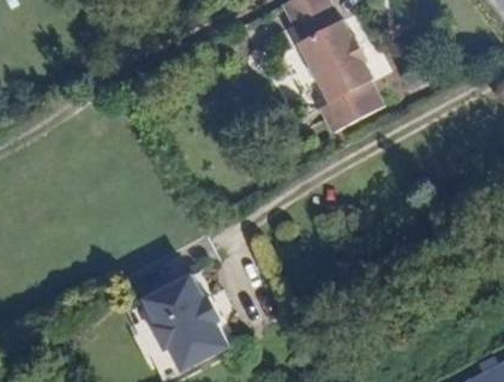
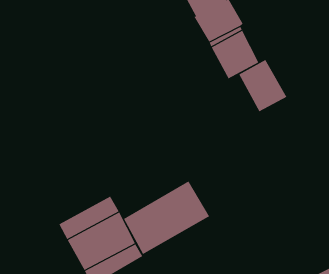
building: none -> [239,59,287,112]
building: none -> [123,181,210,255]

